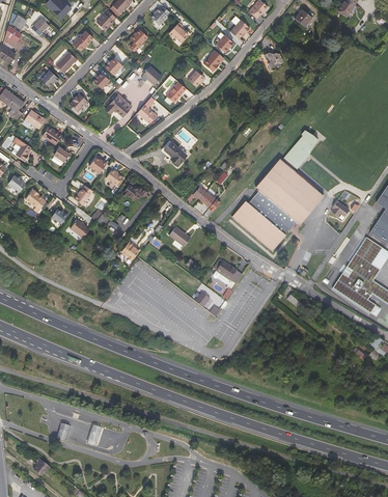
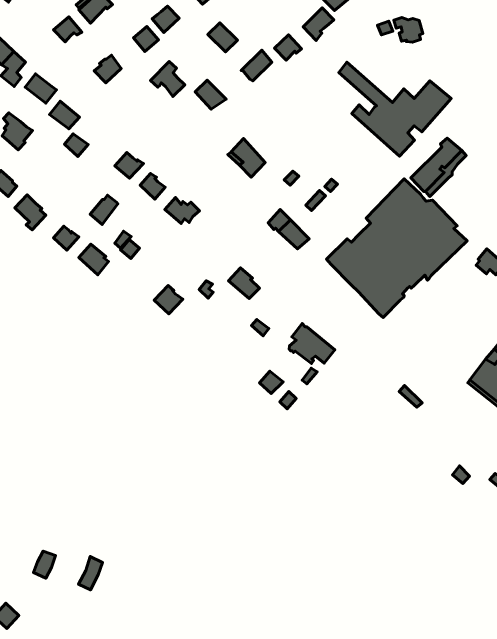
building: none -> [339,62,451,156]

